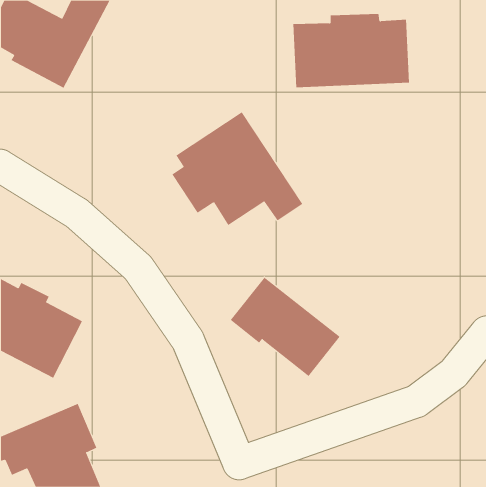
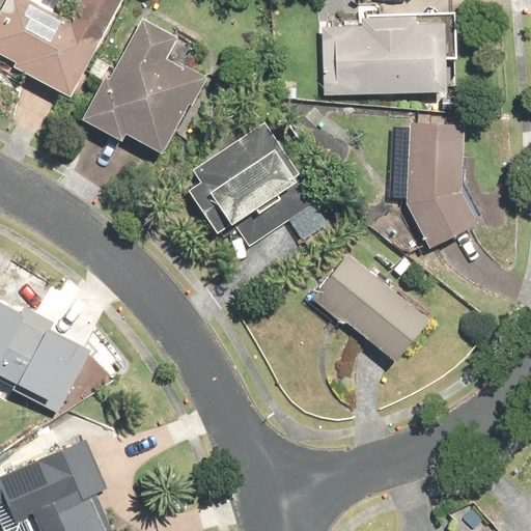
building: none -> [80,16,207,152]
building: none -> [404,121,478,248]
building: [230,277,340,377] -> [310,252,430,361]

